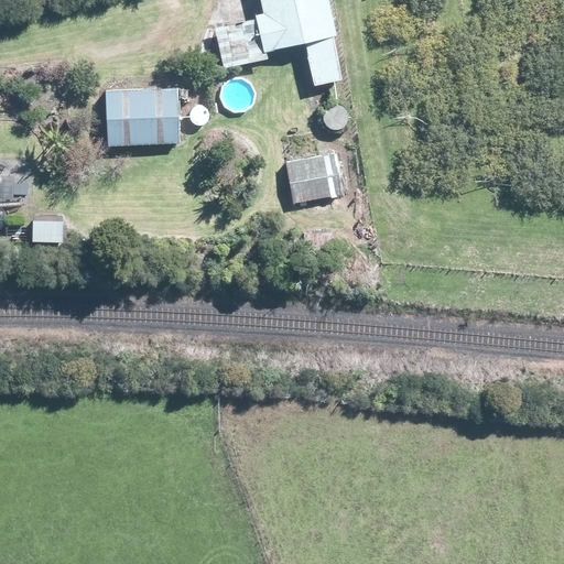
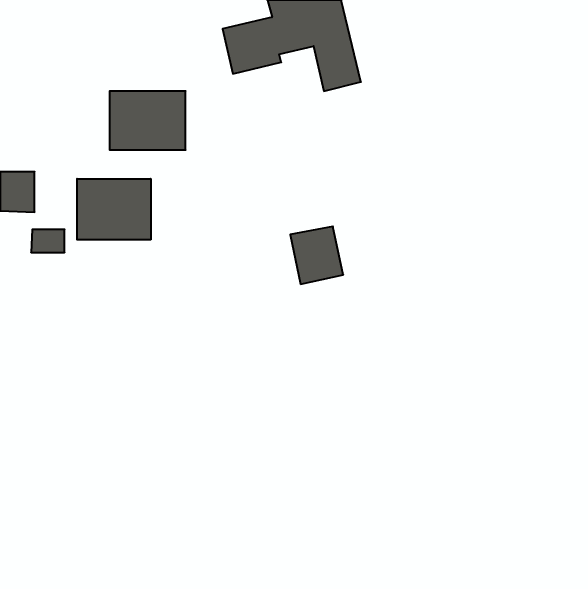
building: [285,149,336,204] -> [290,226,343,284]
building: none -> [77,179,151,240]

